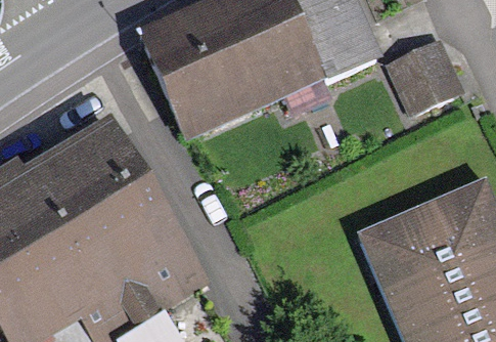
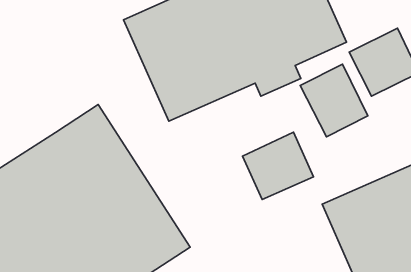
building: none -> [300,64,368,137]
building: none -> [242,132,313,200]

